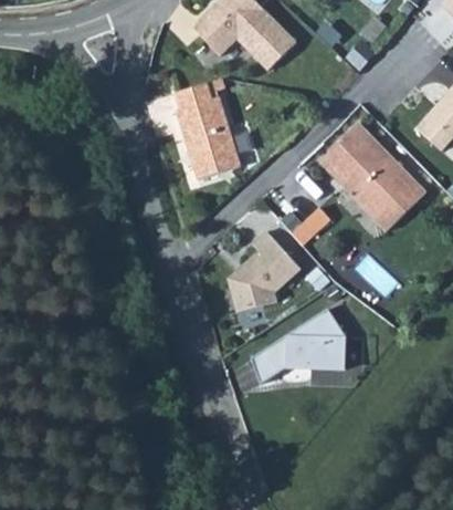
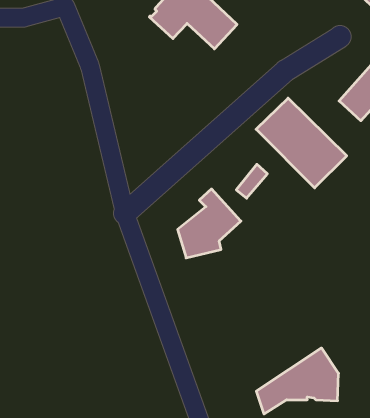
building: [175,83,238,175] -> none
building: [253,306,349,384] -> [256,348,339,414]

